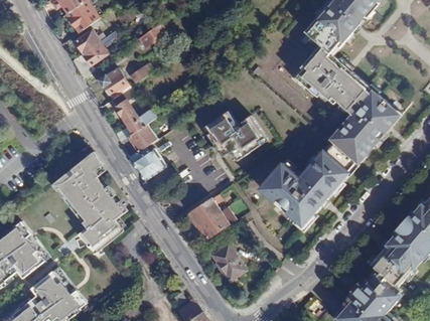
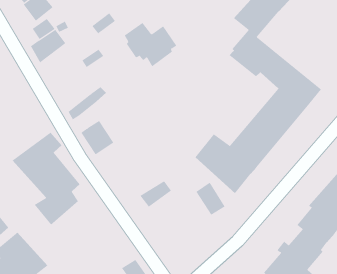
building: [99,64,132,98] -> none
building: [116,97,141,126] -> none
building: [203,113,263,163] -> [124,22,177,67]
building: [129,124,159,153] -> none
building: [186,198,224,228] -> none
building: [212,247,246,284] -> [196,182,225,215]

